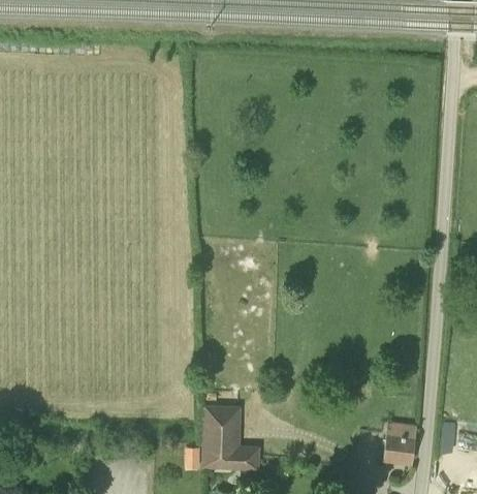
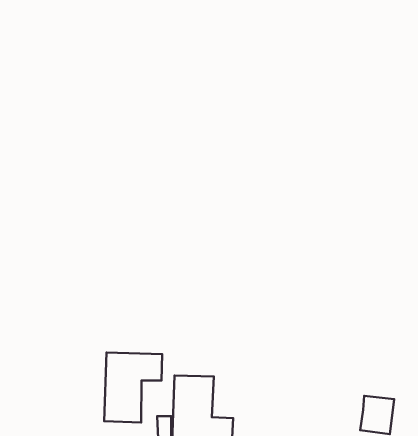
building: none -> [104,353,162,422]

